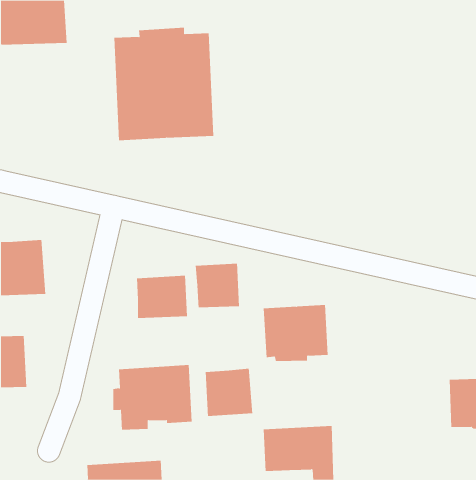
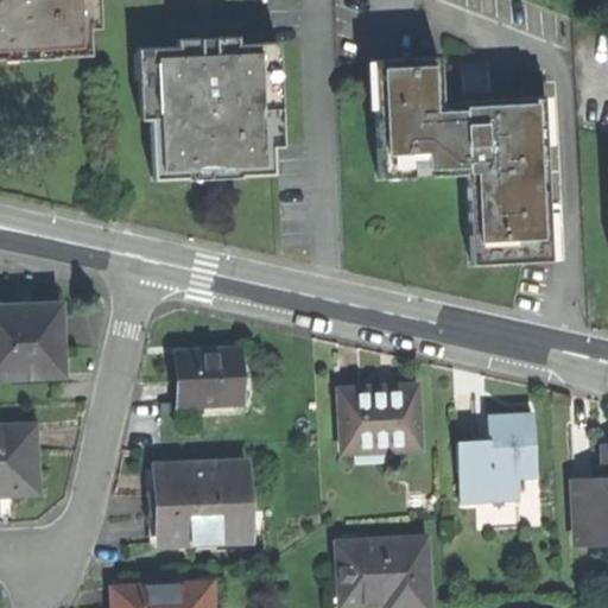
building: none -> [372,57,551,265]
building: [195,263,239,308] -> none
building: none -> [456,416,534,504]
building: [205,368,253,417] -> none

